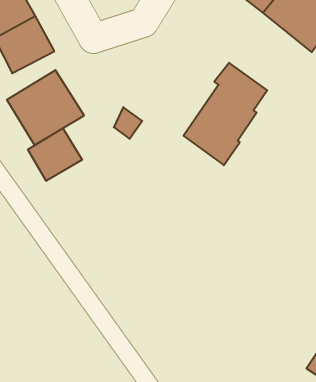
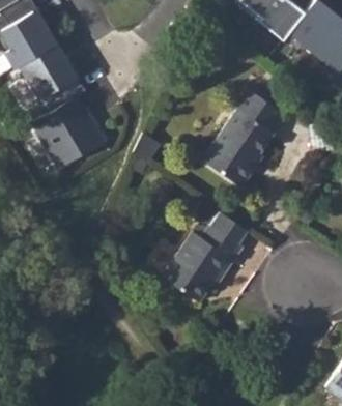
building: [28,128,82,181] -> none
building: none -> [163,202,250,302]

